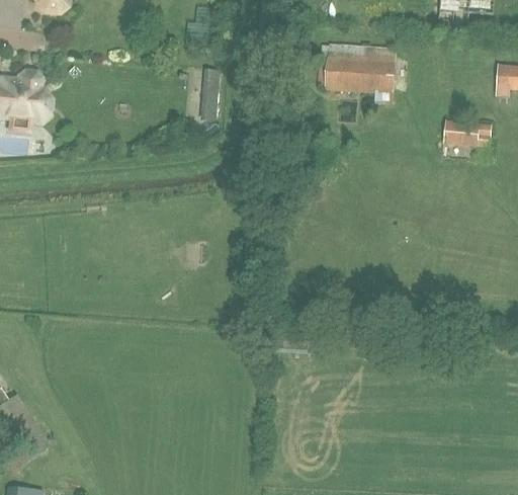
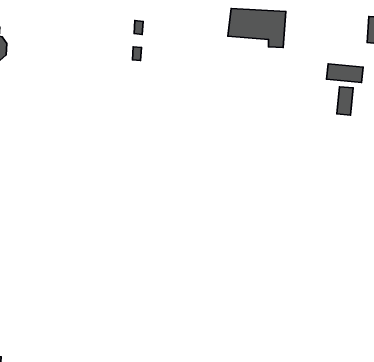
building: none -> [337,87,353,115]

